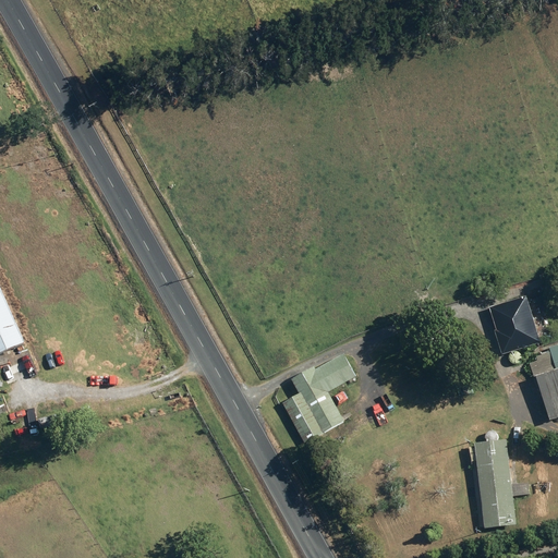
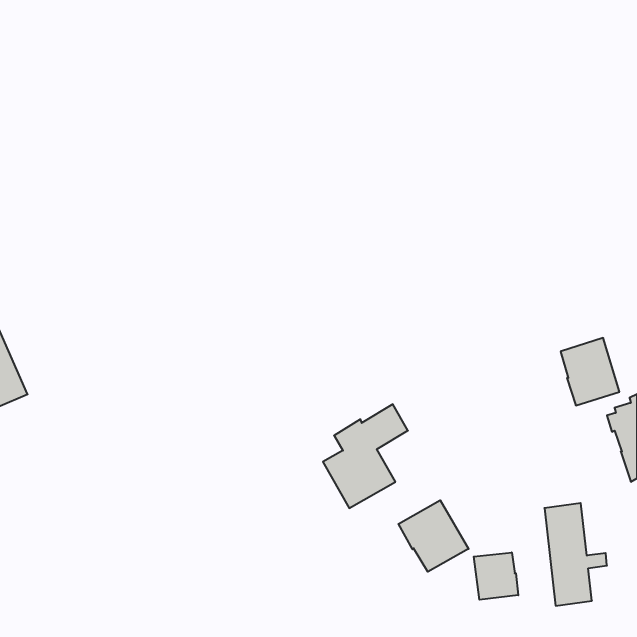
building: none -> [398,500,469,572]
building: none -> [474,552,518,600]

